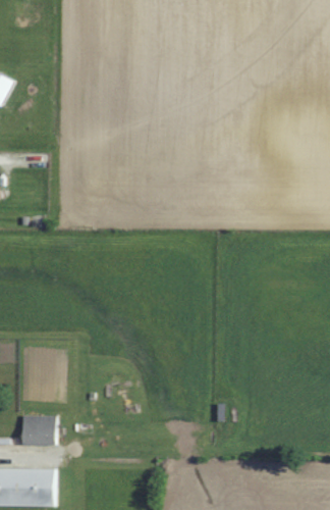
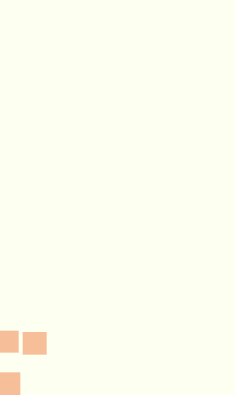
building: none -> [22,331,47,355]

